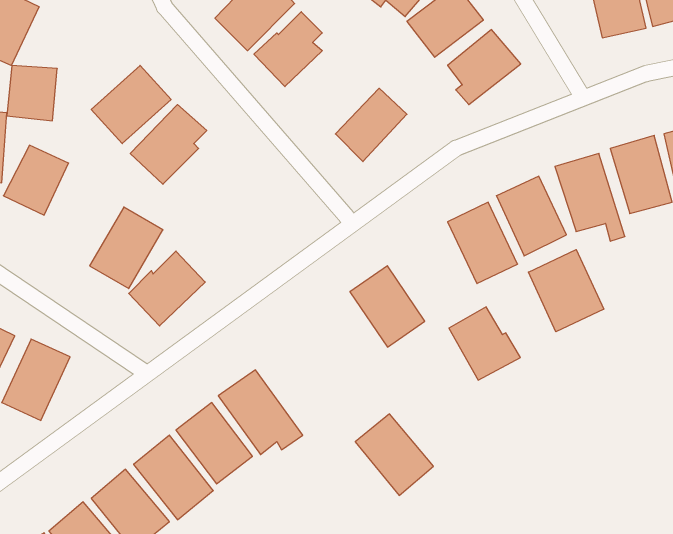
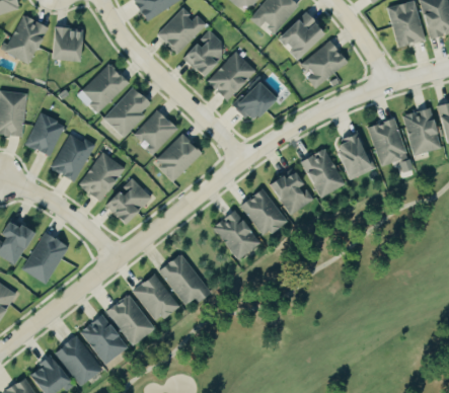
building: none -> [207,51,256,100]
building: [7,65,57,121] -> [51,26,82,61]
building: none -> [136,109,178,152]
building: none -> [51,133,94,181]
building: none -> [155,133,203,181]
building: [528,250,604,332] -> none
building: [449,307,520,380] -> [271,169,315,215]
building: [355,414,433,495] -> [213,210,261,260]

